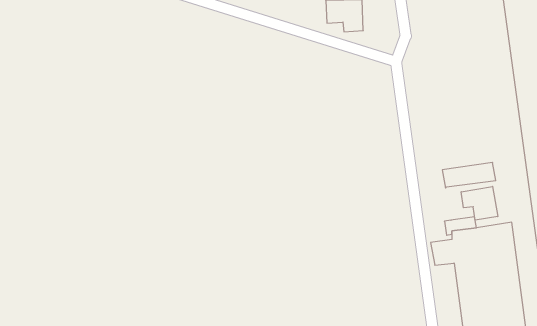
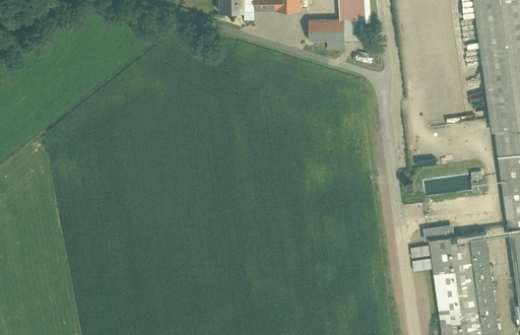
building: [461,186,498,220] -> none

